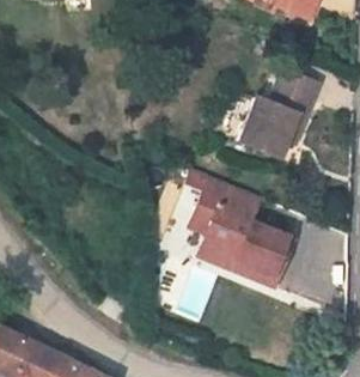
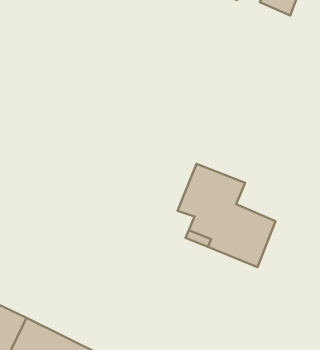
building: [238,68,321,158] -> none

